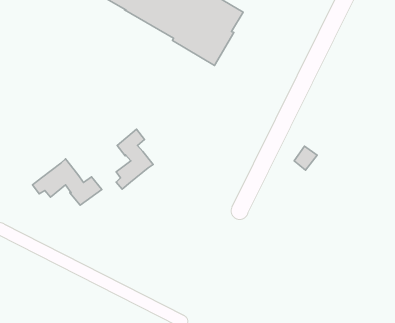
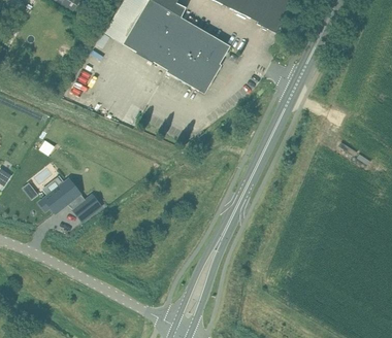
building: [116,129,153,189] -> none

